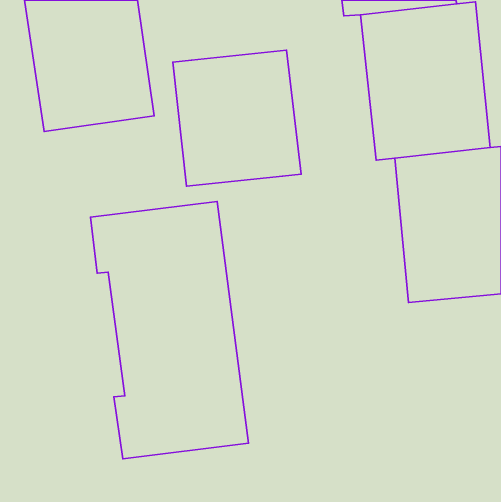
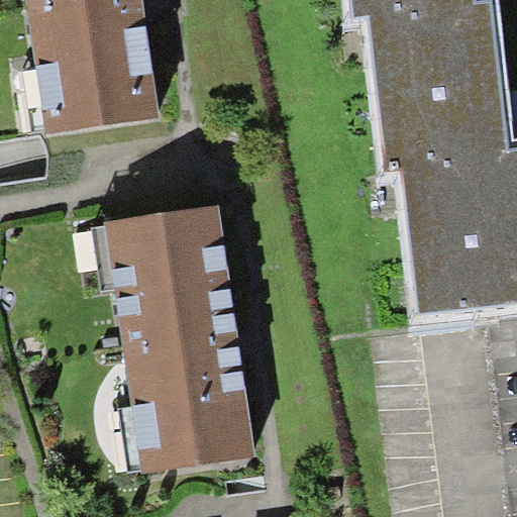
building: [173,50,301,186] -> none

